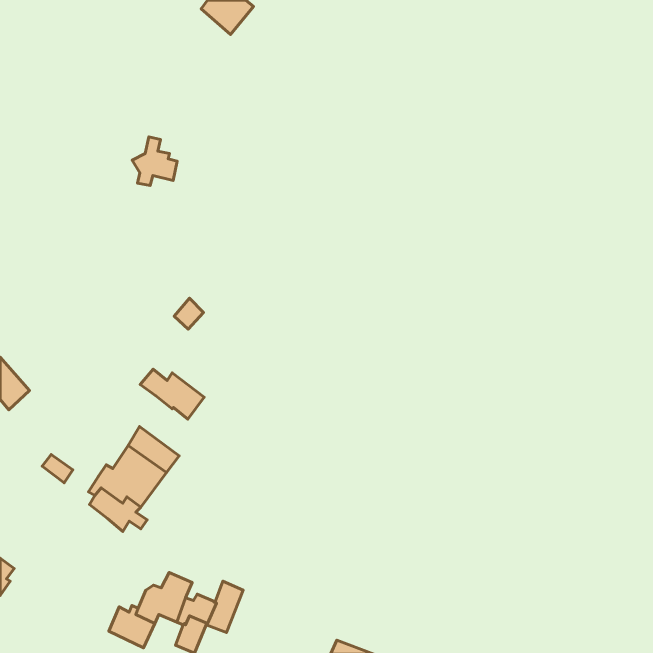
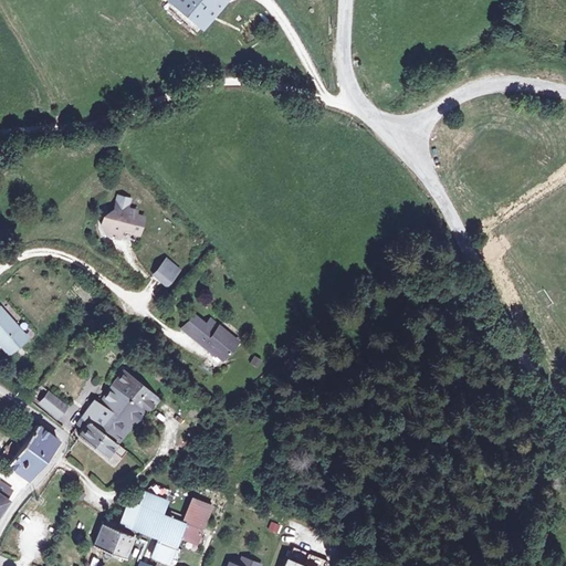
building: [132,137,177,186] -> [103,196,142,238]
building: [140,369,204,419] -> [188,317,243,360]
building: none -> [7,426,59,481]

